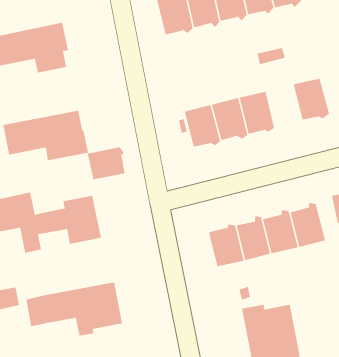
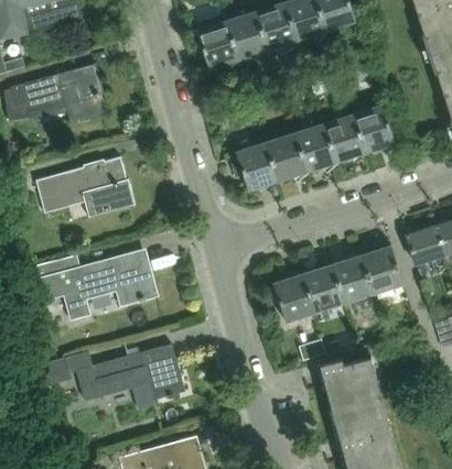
building: none -> [326,113,368,163]
building: [87,146,125,180] -> none

